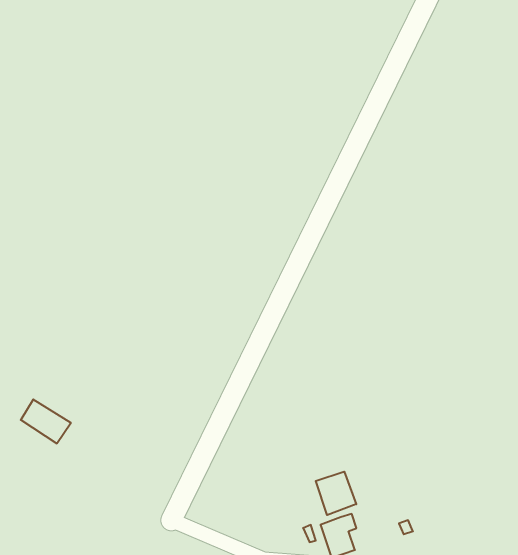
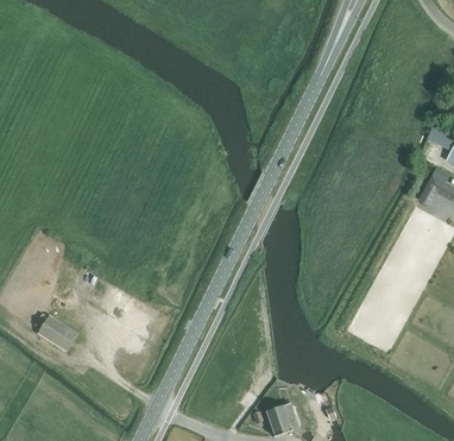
building: [316,472,356,515] -> none

